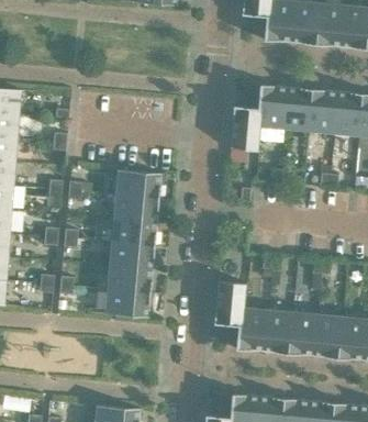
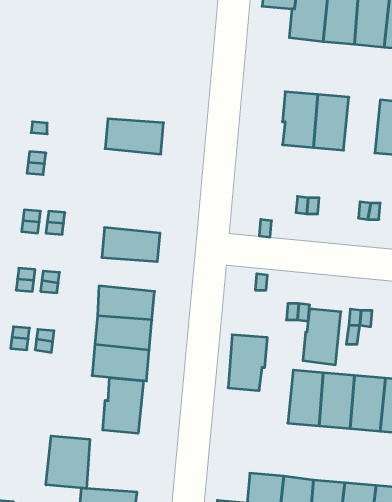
building: [308,88,337,133] -> none
building: [230,104,260,151] -> none
building: [114,169,161,198] -> [105,119,164,154]
building: [110,218,157,245] -> none
building: [236,307,267,352] -> [303,309,341,365]
building: none -> [103,378,143,433]
building: none -> [46,436,90,489]

